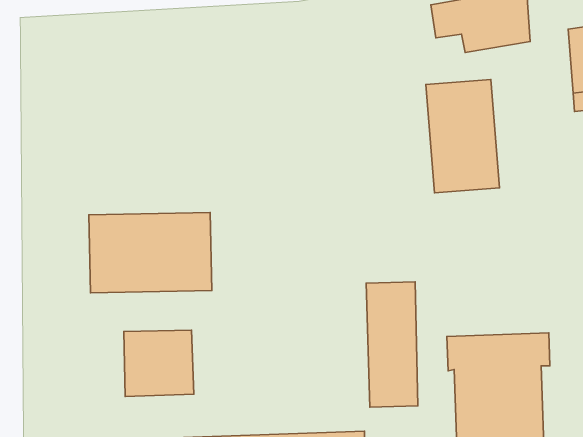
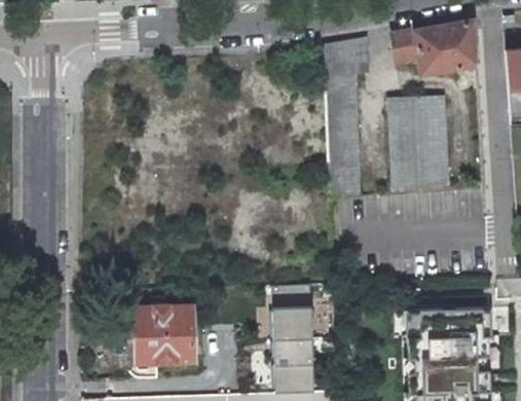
building: none -> [324,38,369,202]
building: [89,213,212,293] -> none
building: [366,282,418,407] -> [270,284,313,389]

